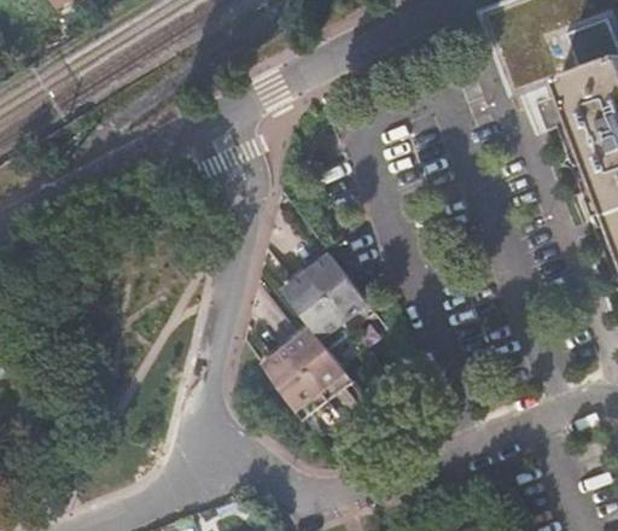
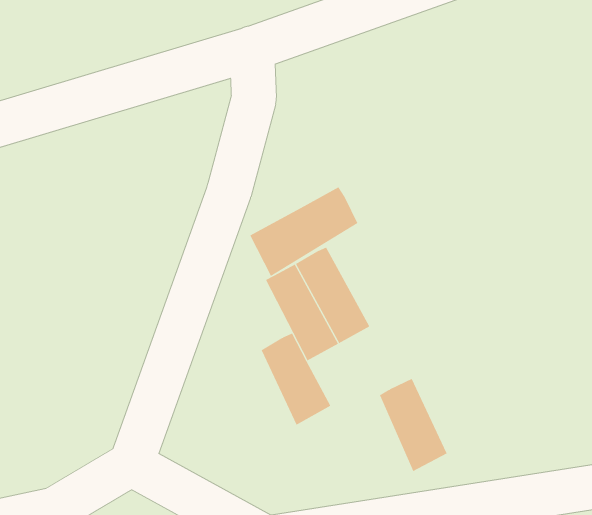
building: none -> [249,186,358,277]
building: [262,346,325,421] -> [379,378,448,472]

